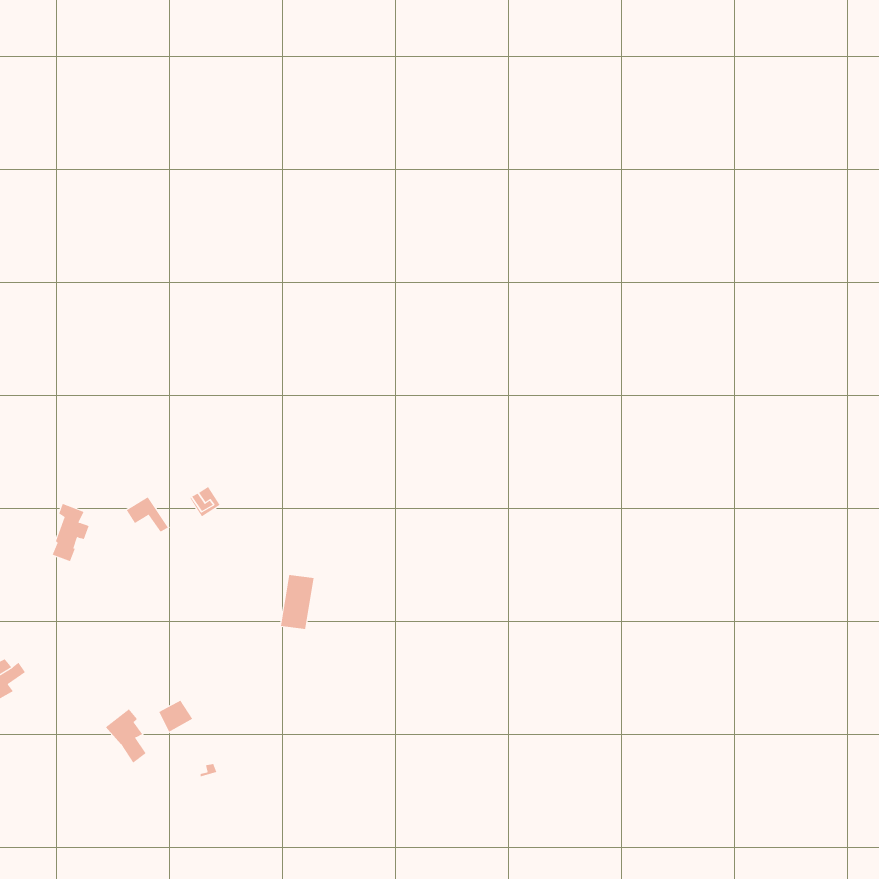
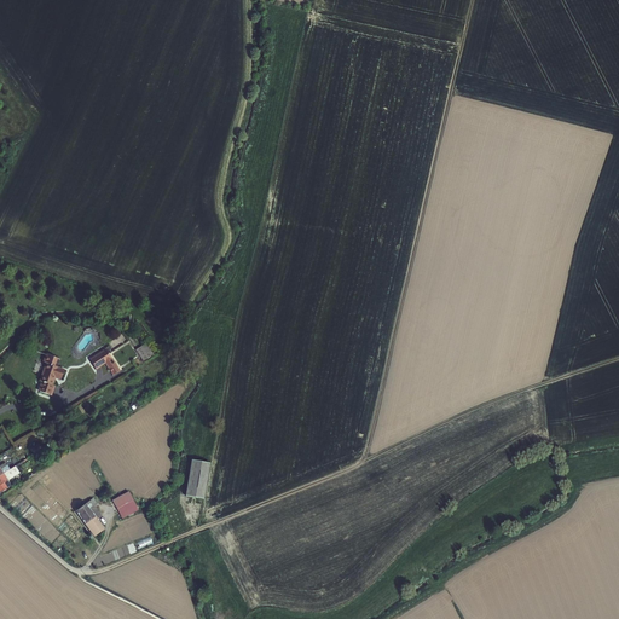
building: [280,574,314,630] -> [185,461,209,499]

